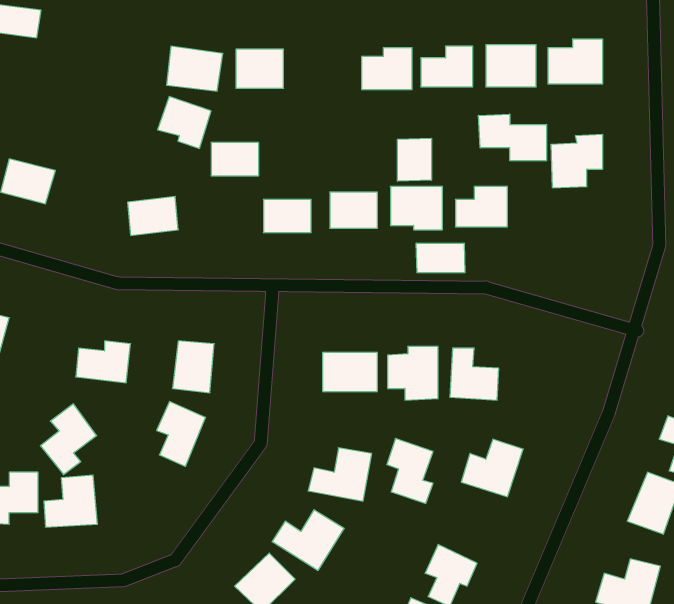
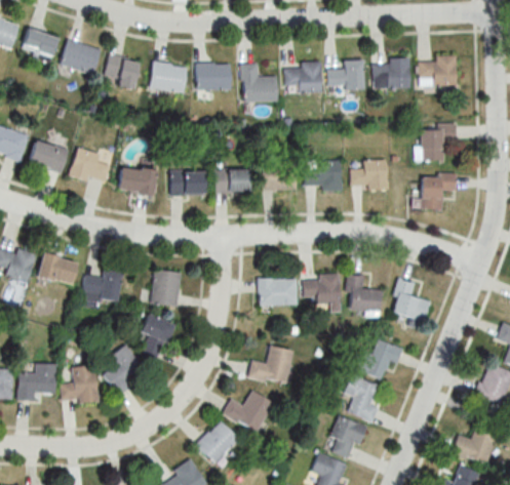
building: none -> [61,39,101,74]
building: none -> [241,63,277,102]
building: [158,96,211,148] -> [103,52,141,89]
building: [478,114,547,161] -> none
building: [397,138,431,181] -> none
building: [211,143,259,176] -> [170,171,204,195]
building: none -> [69,148,110,185]
building: none -> [423,174,457,210]
building: [416,243,465,273] -> none
building: none -> [37,253,77,285]
building: none -> [392,279,431,321]
building: [40,404,97,475] -> [103,345,143,395]
building: [387,438,433,503] -> [346,374,379,420]

